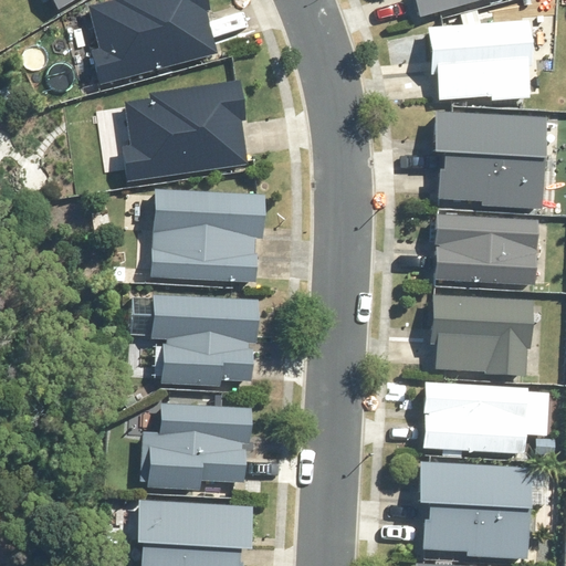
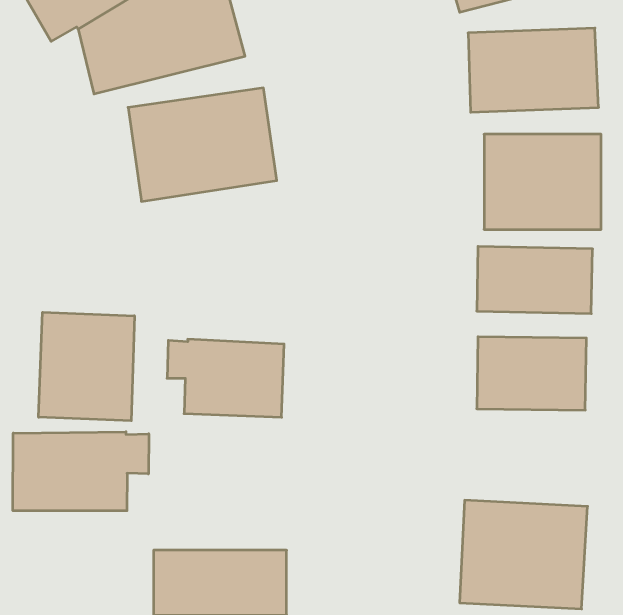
building: [155,198,260,265] -> none
building: none -> [39,312,134,421]
building: [421,389,536,459] -> none
building: none -> [13,432,149,511]
building: [148,406,255,480] -> none

